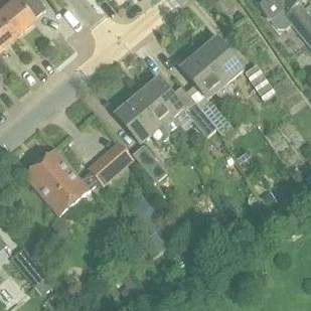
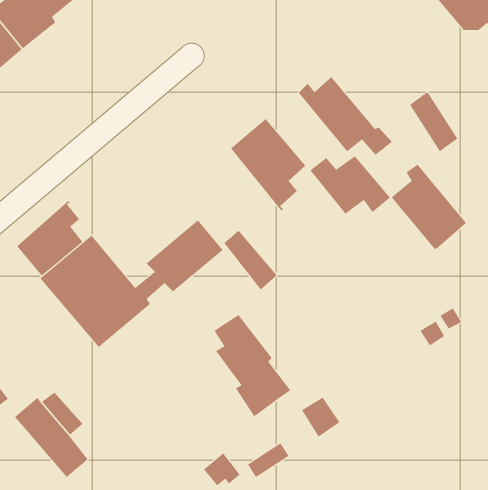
building: [198,33,244,85] -> [391,164,467,250]
building: [116,97,168,143] -> none
building: none -> [16,200,83,276]

